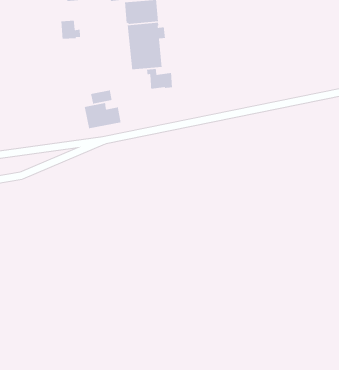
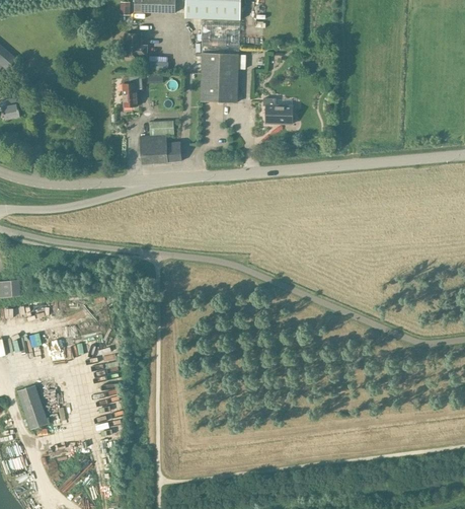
building: none -> [123,76,142,107]
building: [146,68,173,90] -> [263,98,293,124]
building: none -> [17,385,49,430]

